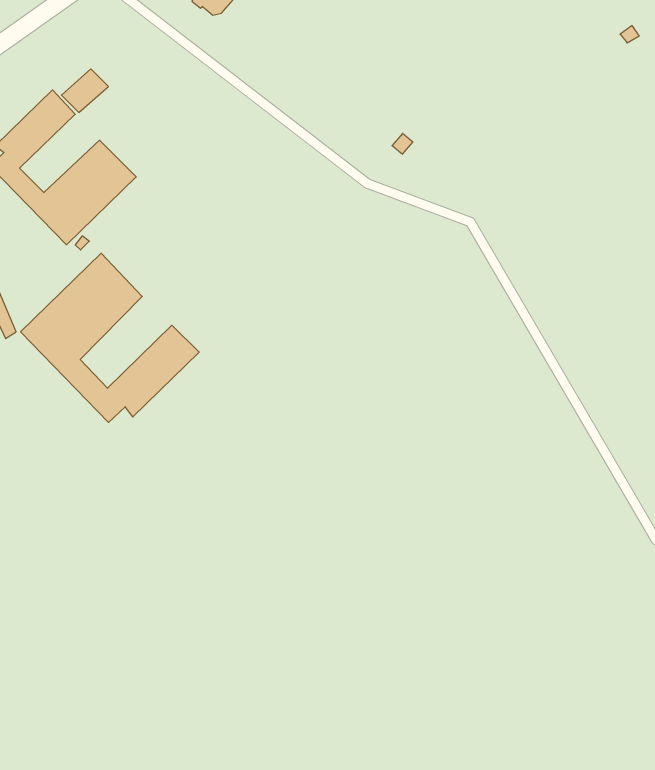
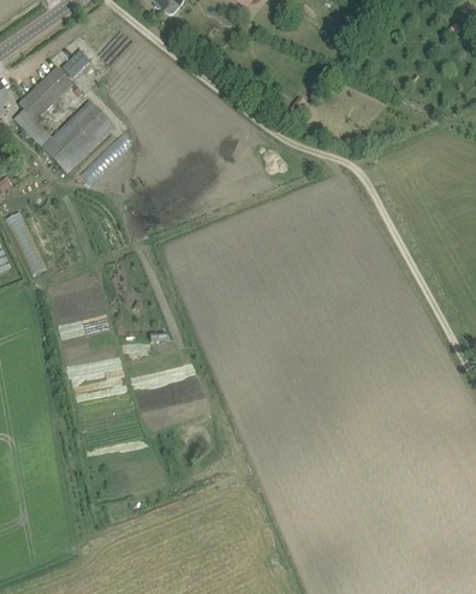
building: [21,253,199,422] -> none

